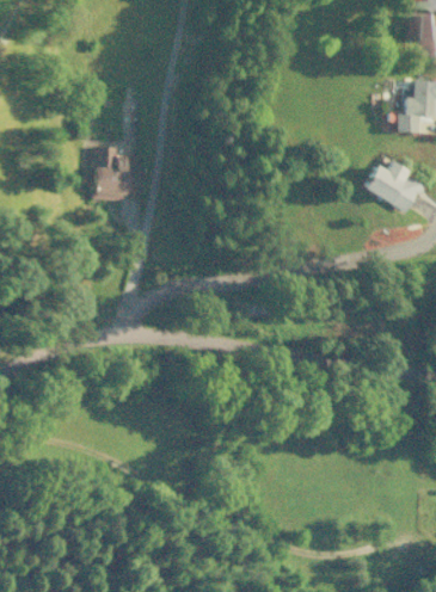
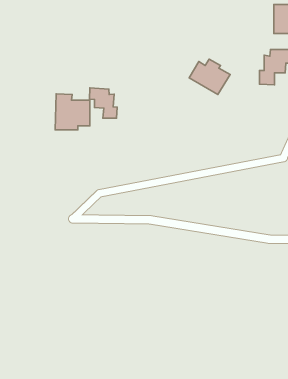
building: none -> [90,88,117,118]
building: [355,161,416,214] -> [189,59,230,95]

